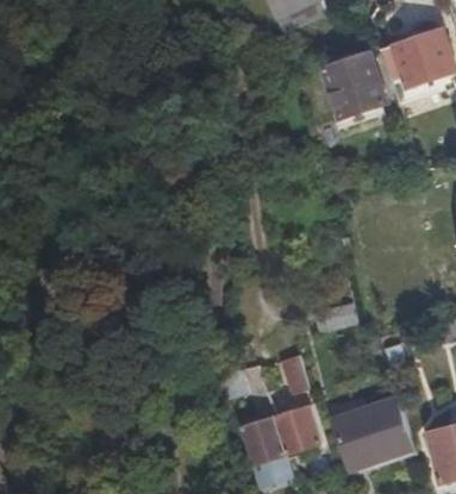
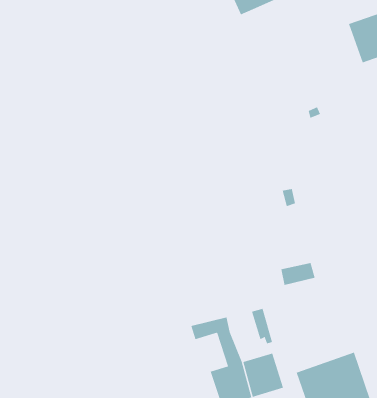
building: [321,52,385,117] -> none

